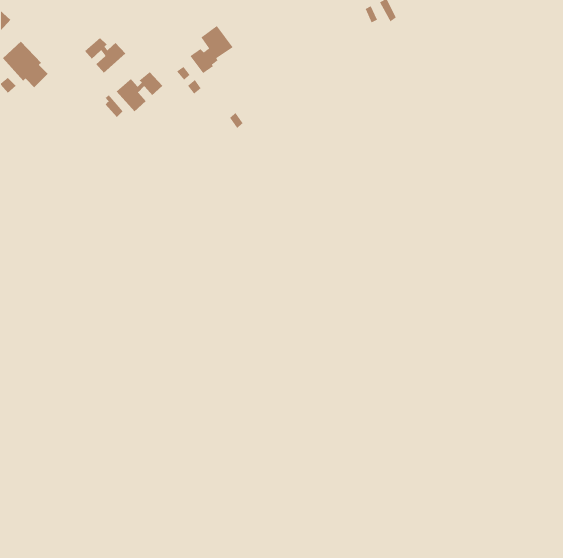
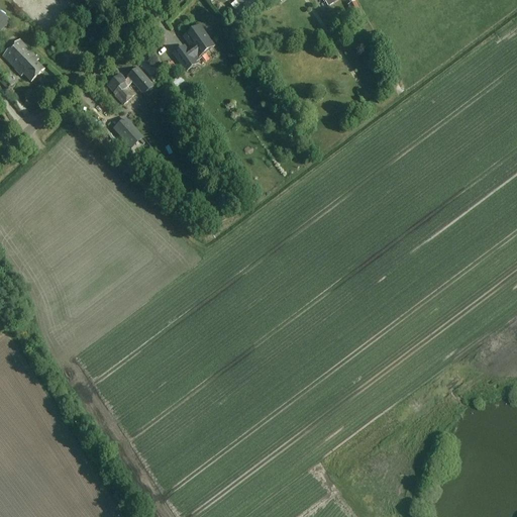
building: [84,37,126,74] -> none
building: none -> [112,114,142,145]

